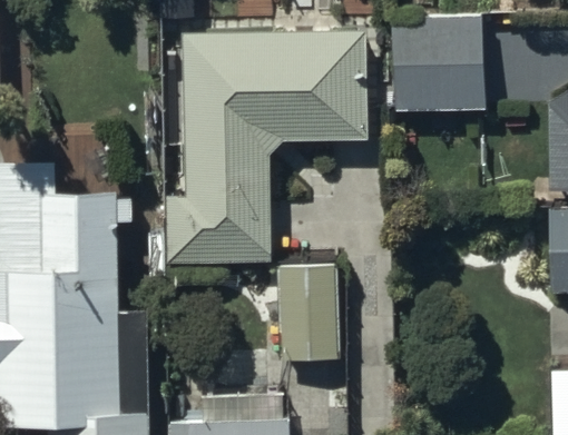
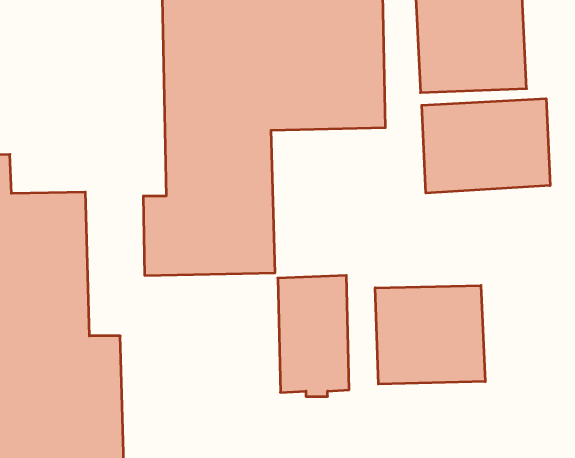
building: none -> [422,99,550,193]
building: none -> [375,285,485,384]

